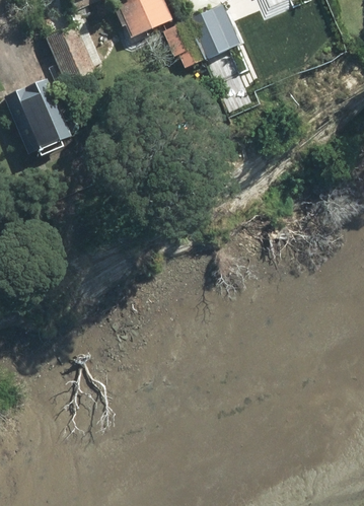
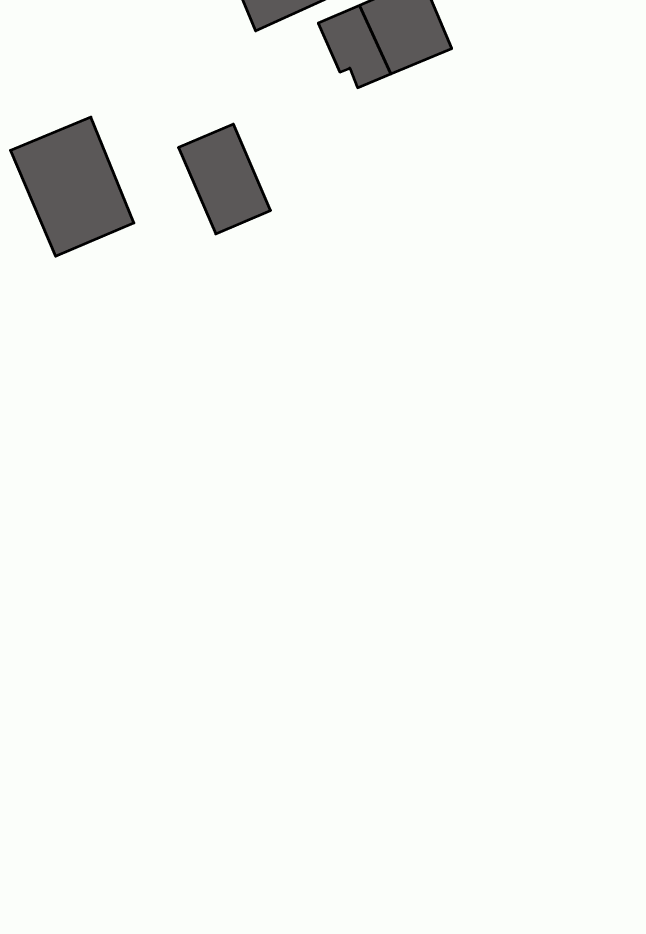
building: [48,25,95,82] -> [178,124,271,234]

